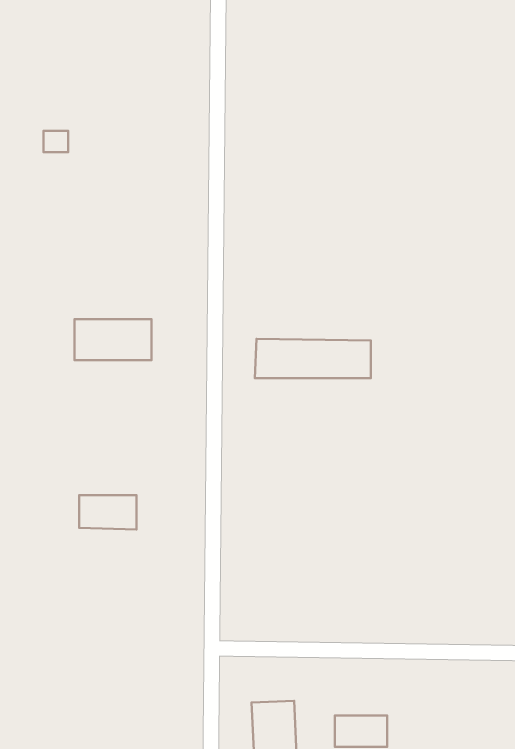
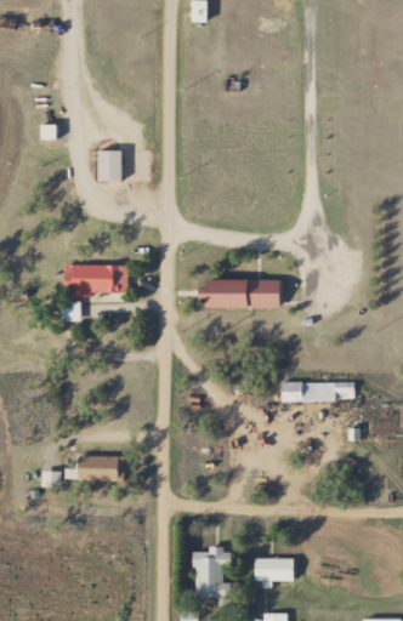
building: none -> [96,152,121,181]
building: none -> [279,381,354,403]
building: [79,495,136,530] -> [76,457,119,483]

